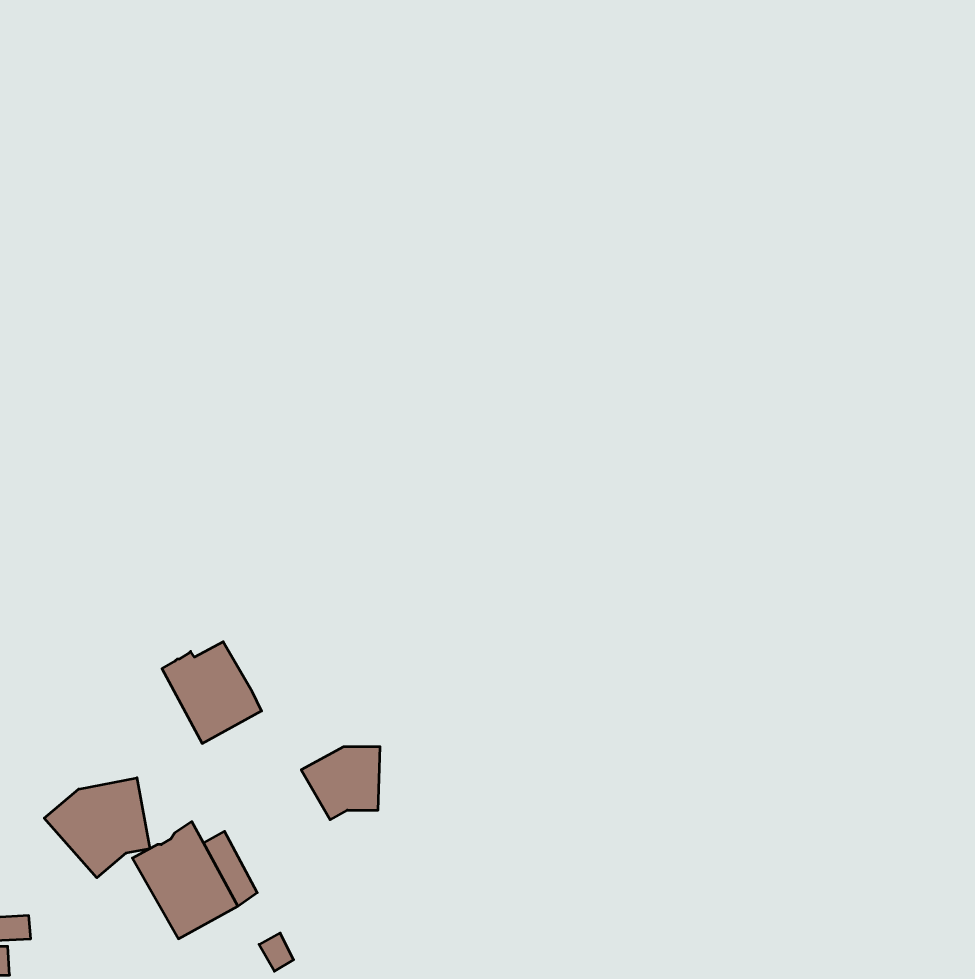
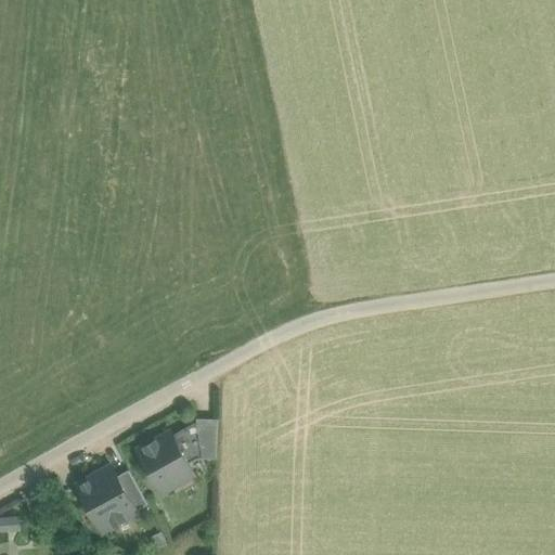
building: [162,642,262,743] -> [135,436,192,493]
building: [44,778,150,878] -> none

